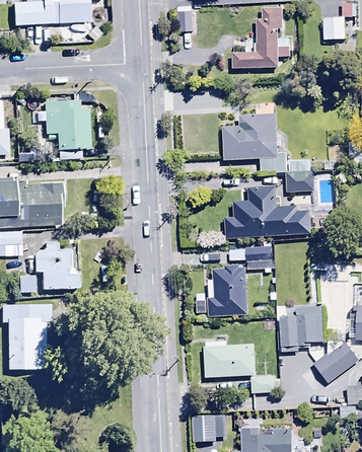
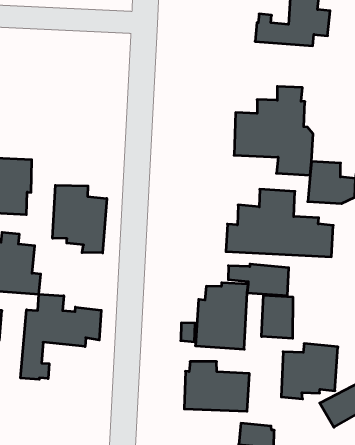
building: [40,99,91,150] -> none
building: none -> [53,185,107,253]
building: none -> [262,295,293,338]
building: none -> [21,294,101,379]

